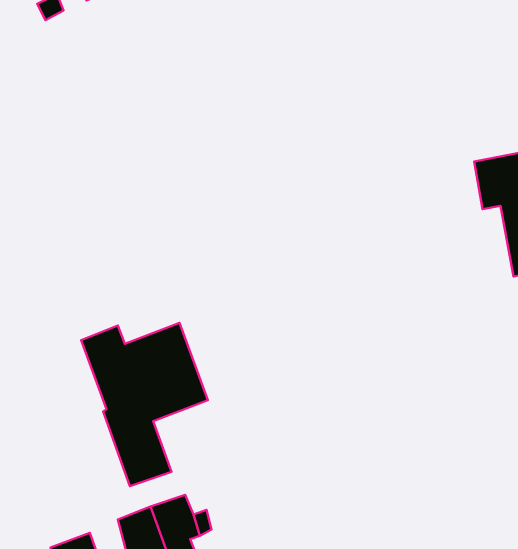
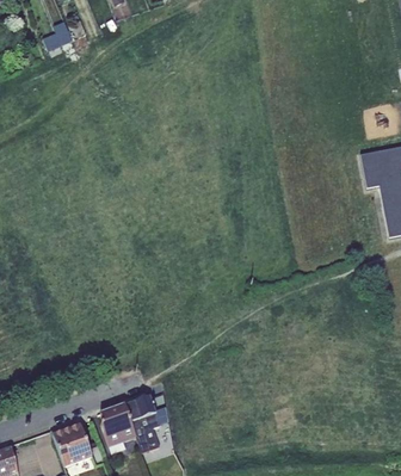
building: [81,323,208,486] -> none

